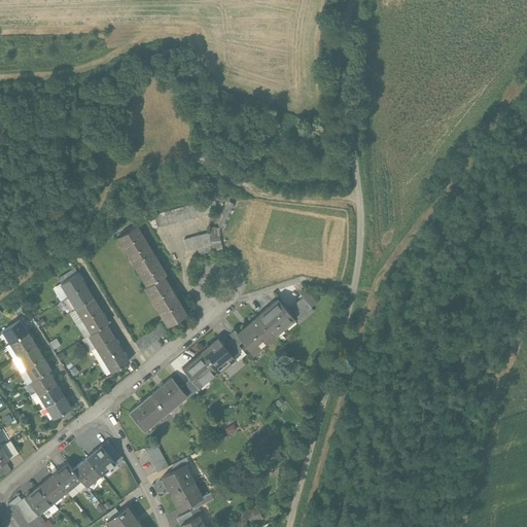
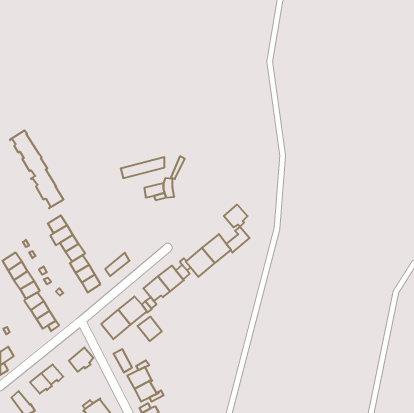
building: [117,226,185,325] -> [10,131,64,208]
building: none -> [224,205,248,227]
building: none -> [137,317,162,341]
building: [73,459,101,486] -> none
building: [24,487,52,516] -> none

